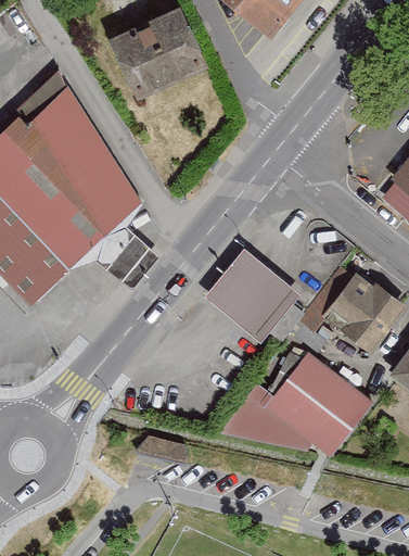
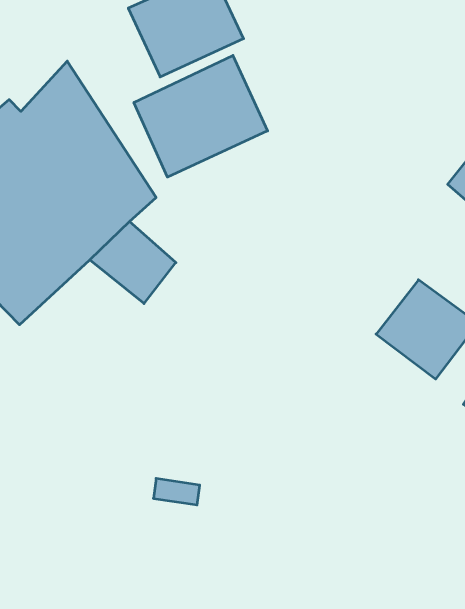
building: none -> [134,55,268,177]
building: [203,247,298,339] -> none
building: [222,356,372,455] -> none

